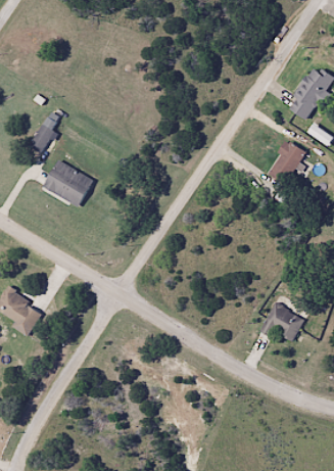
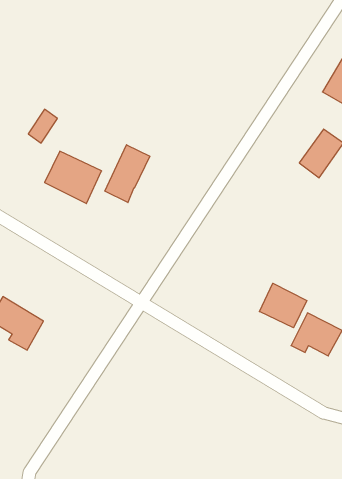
building: none -> [105,145,150,203]
building: none -> [259,283,307,328]

